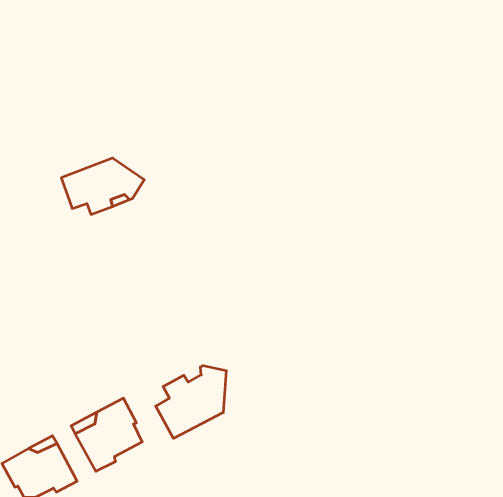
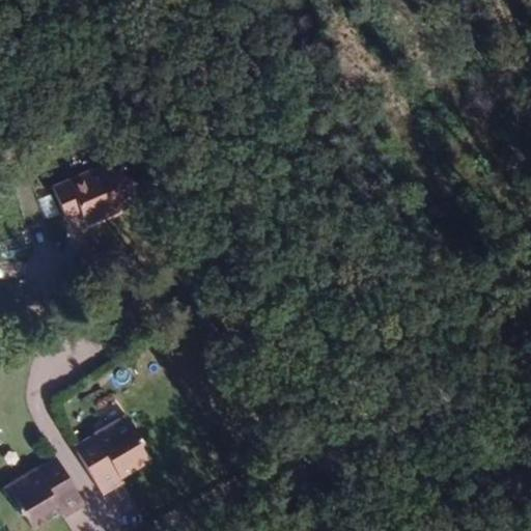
building: [156,366,226,438] -> none

